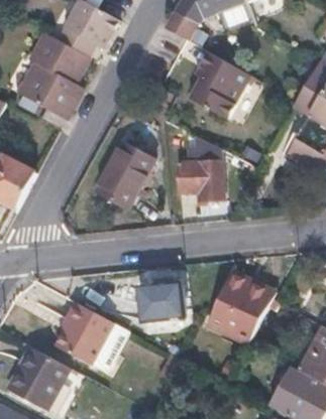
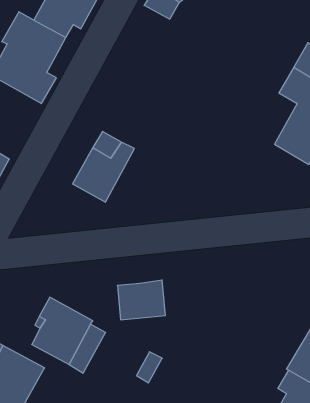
building: [188,53,251,119] -> none
building: [176,142,223,201] -> none
building: [216,270,268,343] -> none

